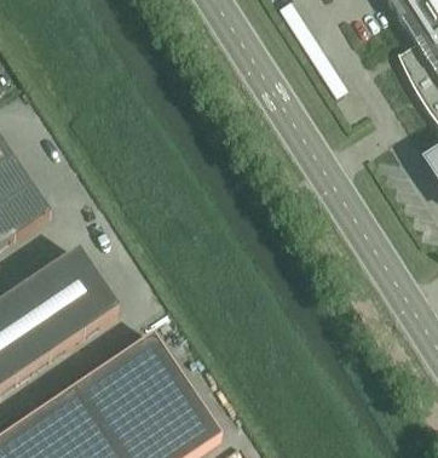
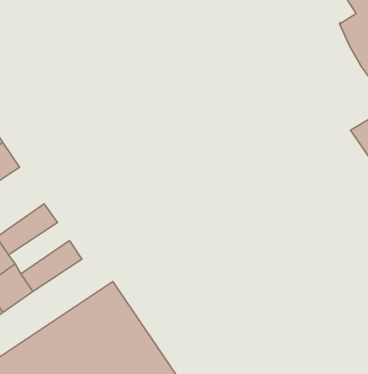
building: [38,269,104,325] -> none

